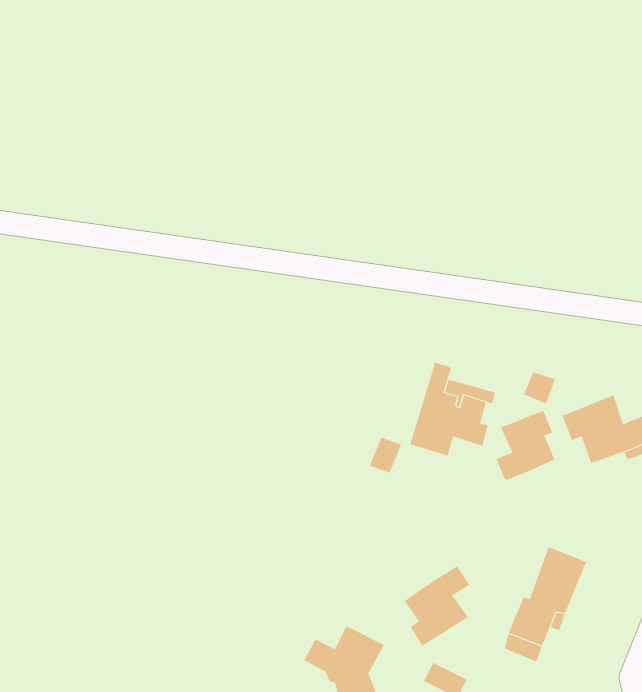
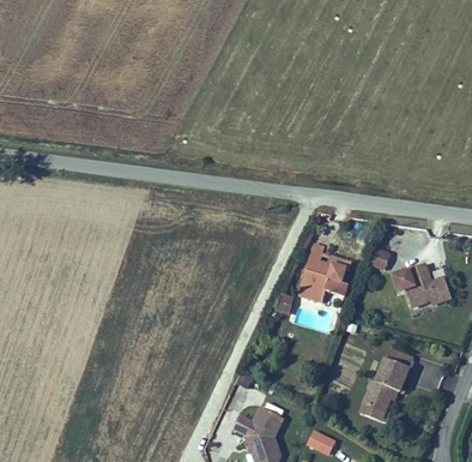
building: [496,410,555,481] -> none
building: [404,565,470,646] -> none

